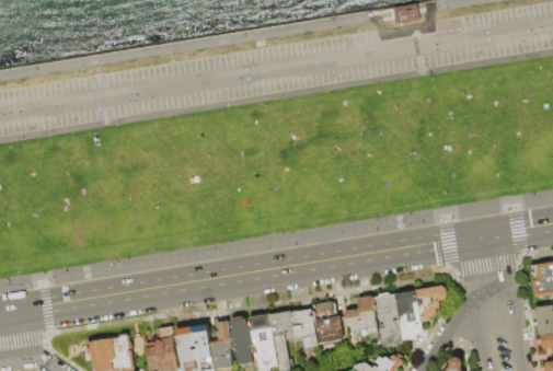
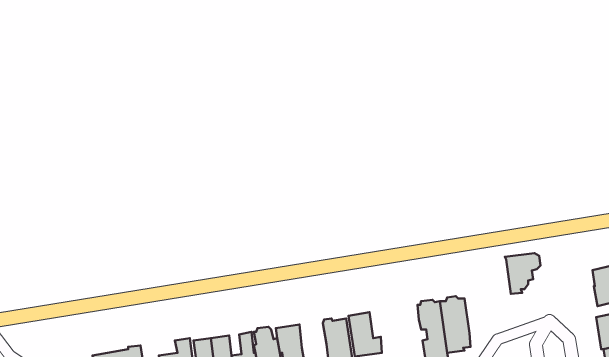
building: [415,287,447,323] -> [505,253,541,294]
building: [344,298,377,333] -> none
building: [269,313,293,336] -> none

